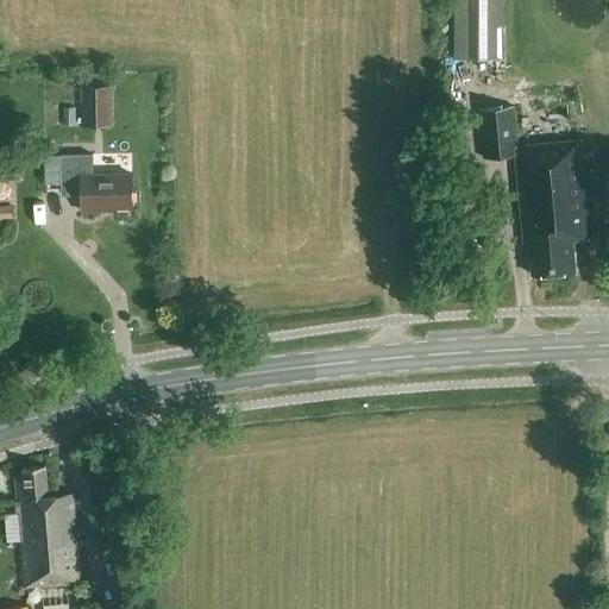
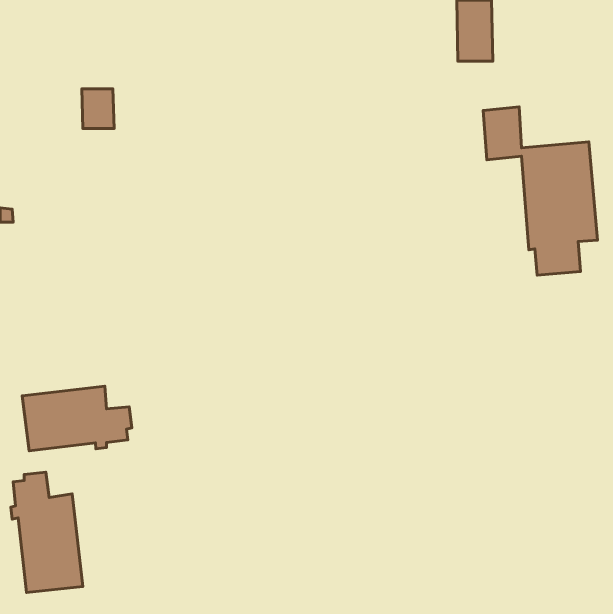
building: [62,155,133,212] -> none
building: none -> [22,386,132,451]

